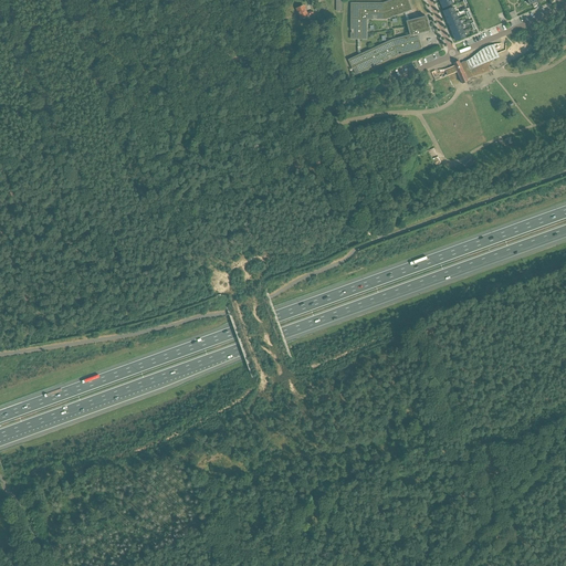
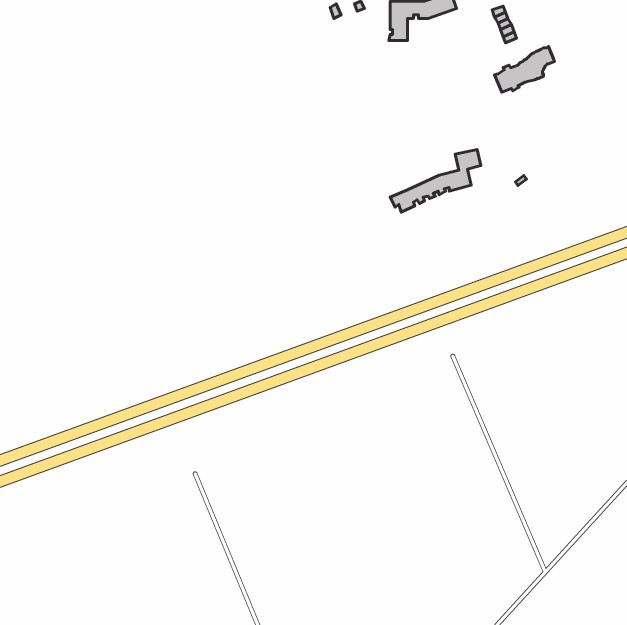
building: [348,14,430,71] -> [390,149,481,212]

